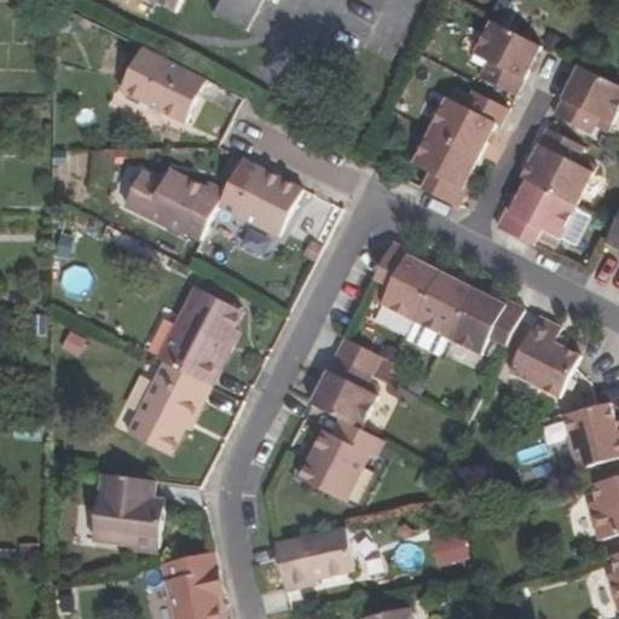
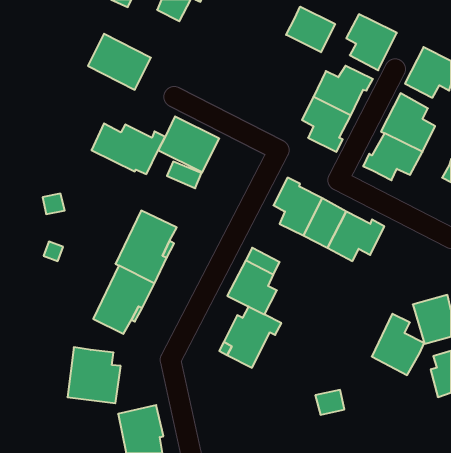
building: none -> [286,7,335,52]
building: [509,314,580,398] -> [372,314,424,375]
building: [274,527,353,586] -> none

